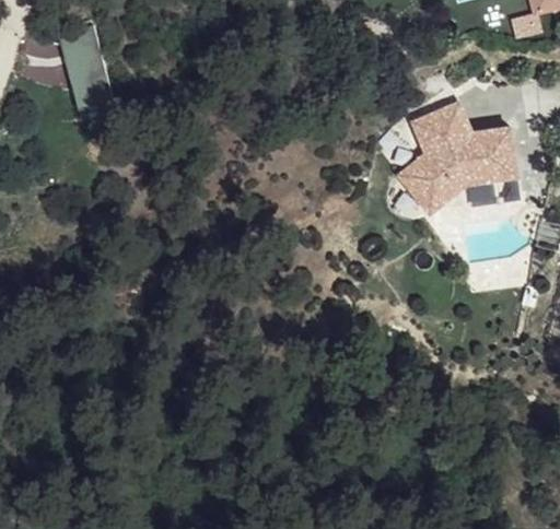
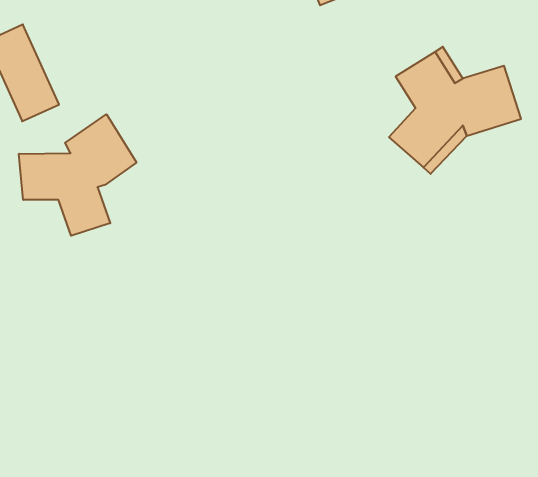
building: none -> [19,114,136,236]

